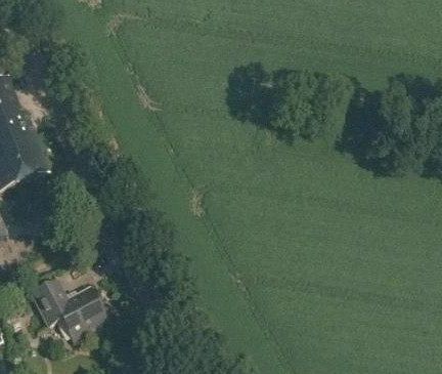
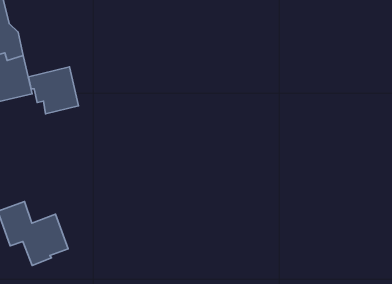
building: none -> [28,67,79,114]

